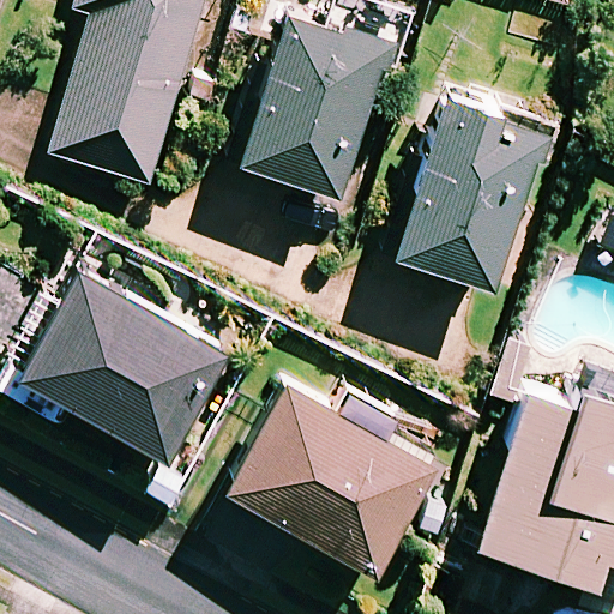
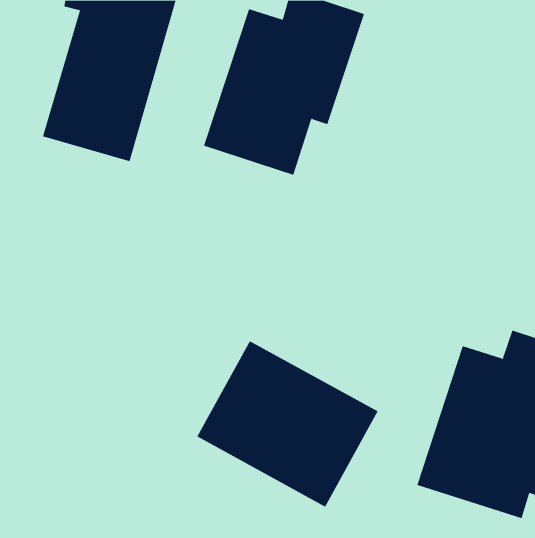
building: [386,95,546,293] -> none
building: [16,271,229,464] -> none

